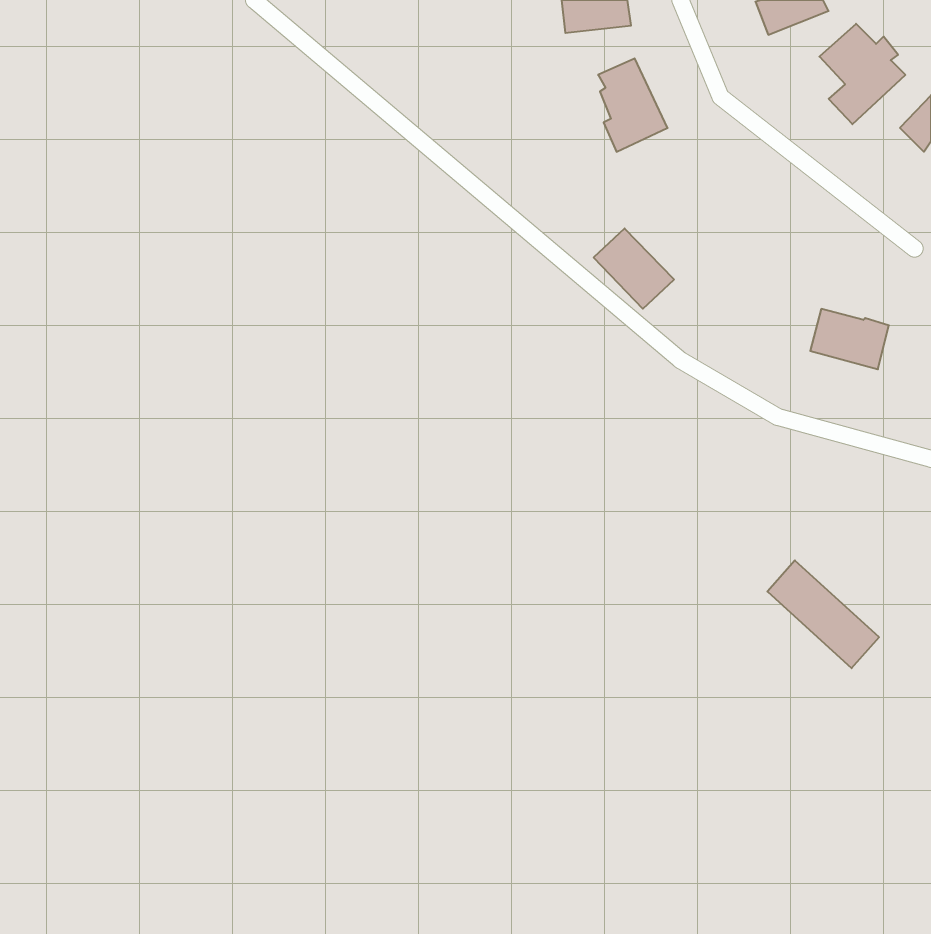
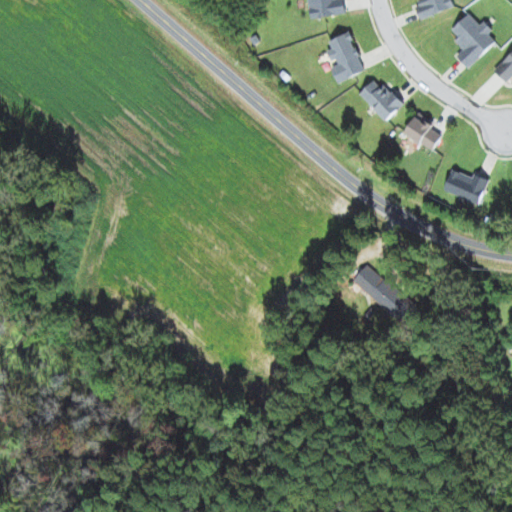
building: none -> [404,112,440,150]
building: [594,228,674,309] -> [358,77,402,121]
building: [767,560,879,668] -> [352,263,413,322]

